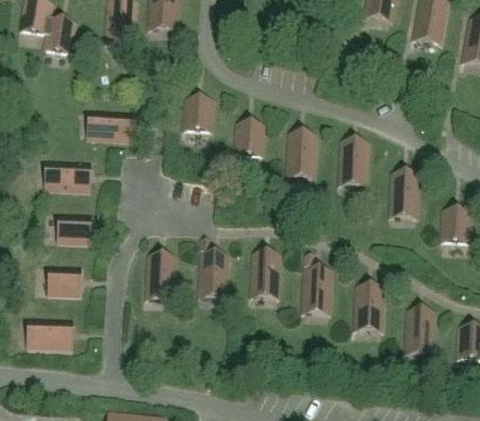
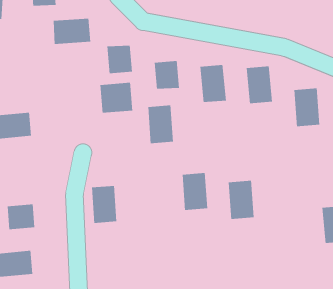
building: [88,109,132,139] -> [53,18,91,44]
building: none -> [100,82,133,114]
building: [58,213,91,241] -> none
building: [199,253,228,297] -> [147,105,174,144]
building: [355,286,384,328] -> none

